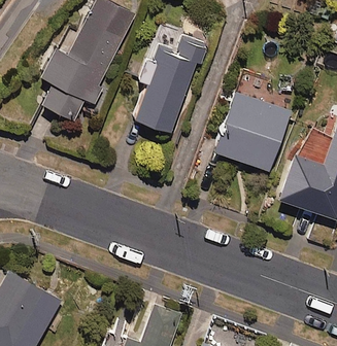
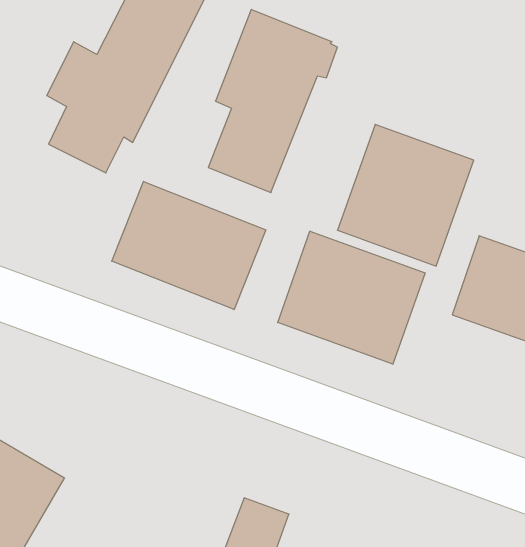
building: none -> [112,181,266,310]
building: none -> [278,231,425,364]

